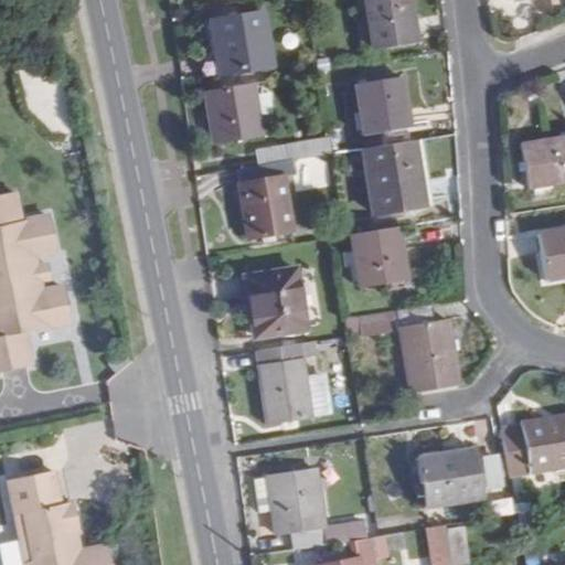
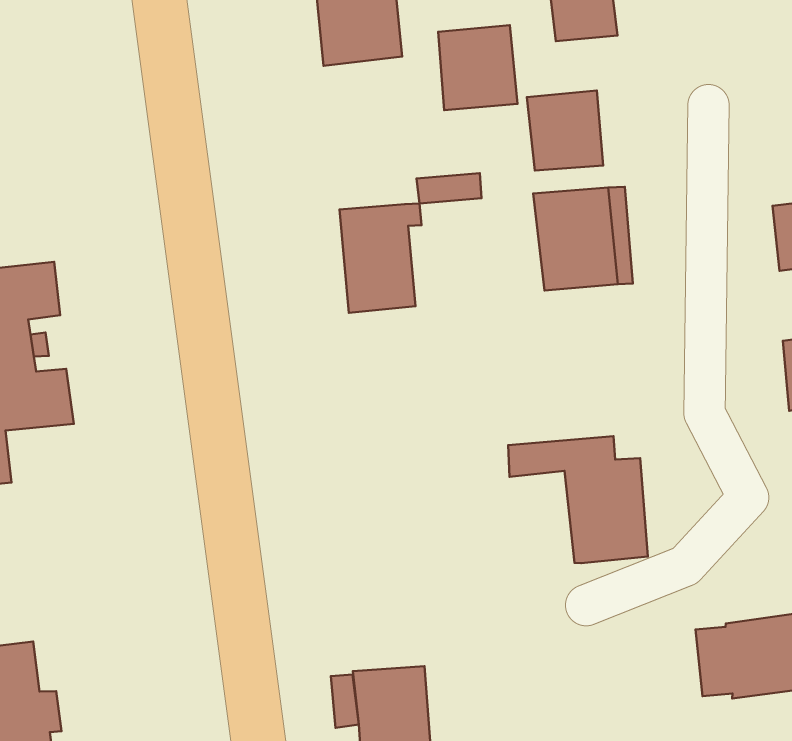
building: [205,83,262,142] -> [438,25,517,110]
building: [351,226,408,288] -> none
building: [245,269,307,335] -> none
building: [256,344,313,424] -> none
building: [411,450,478,505] -> none

